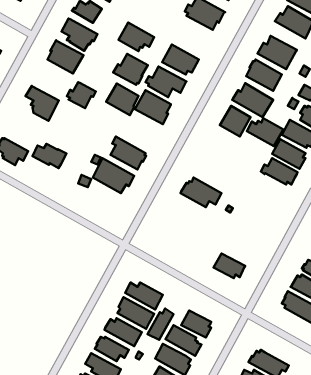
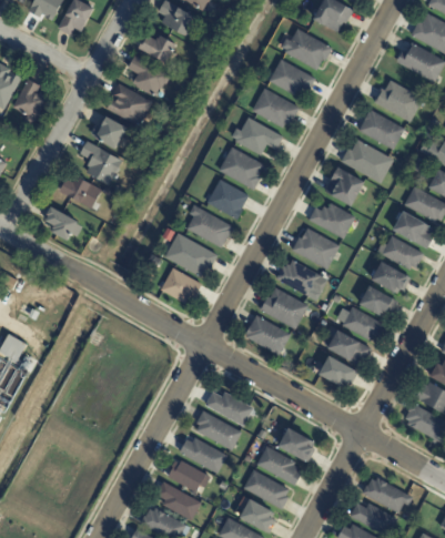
building: [118,22,154,51] -> [269,60,314,97]
building: [113,54,148,85] -> none
building: [67,82,96,108] -> [90,118,127,151]
building: [106,84,139,115] -> [206,181,247,221]
building: [247,118,283,146] -> [309,202,355,237]
building: [32,144,66,168] -> [59,176,102,207]
building: none -> [291,227,338,270]
building: none -> [370,261,411,293]
building: none -> [160,268,201,304]
building: none -> [358,284,397,316]
building: none -> [259,287,307,328]
building: none -> [342,306,384,341]
building: none -> [245,314,291,355]
building: none -> [323,328,371,362]
building: [148,309,173,340] -> none

